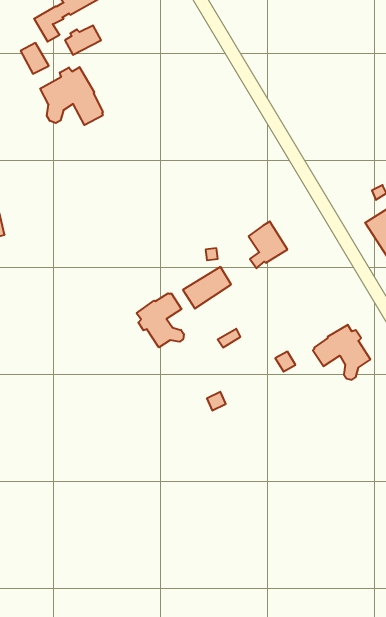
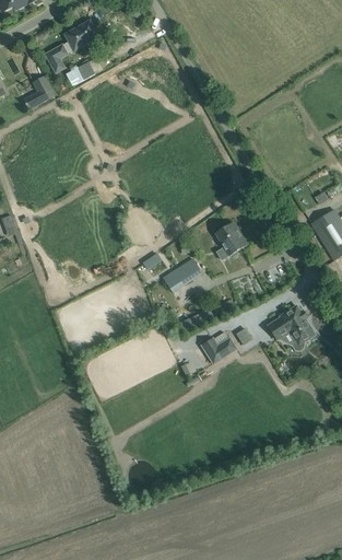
building: [40,67,103,125] -> none
building: [137,293,184,347] -> none
building: none -> [202,337,237,363]

